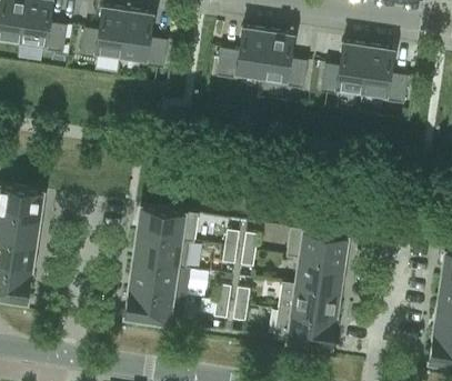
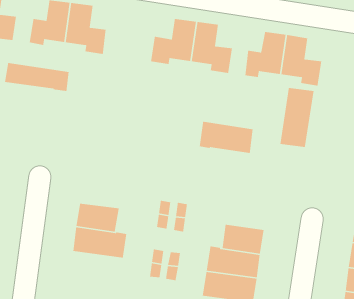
building: none -> [4,62,70,92]
building: none -> [279,87,314,148]
building: [137,205,198,243] -> none
building: [285,228,346,264] -> [199,121,253,154]
building: [124,289,185,324] -> none

